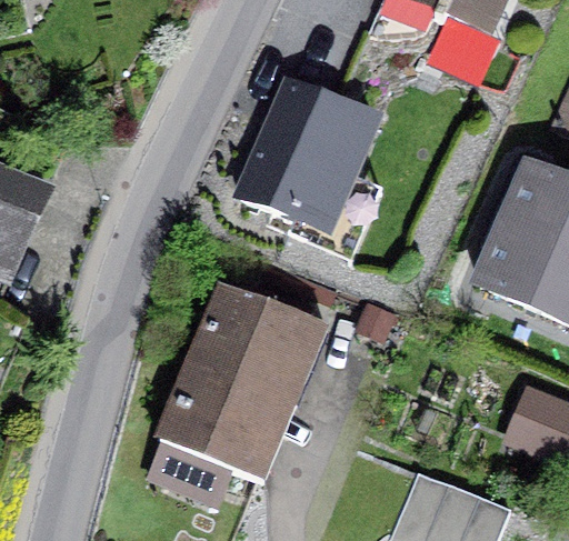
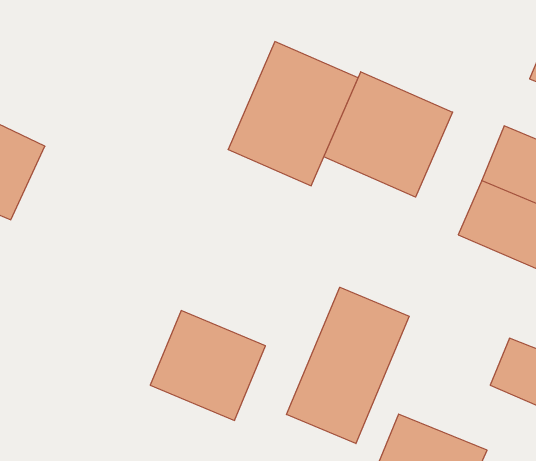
building: none -> [324,72,453,197]
building: [191,284,311,398] -> none
building: none -> [287,287,409,444]

